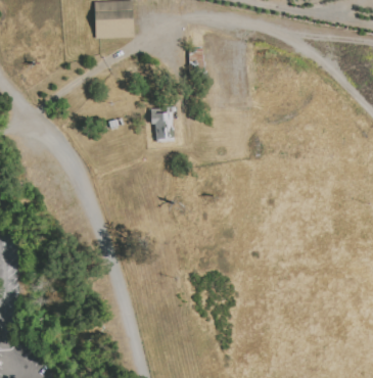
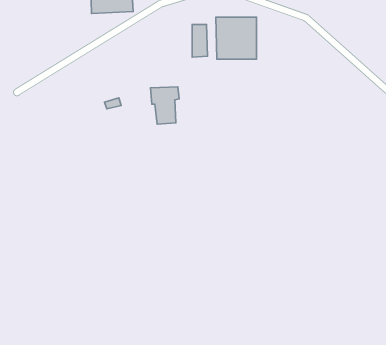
building: none -> [216,17,256,59]

